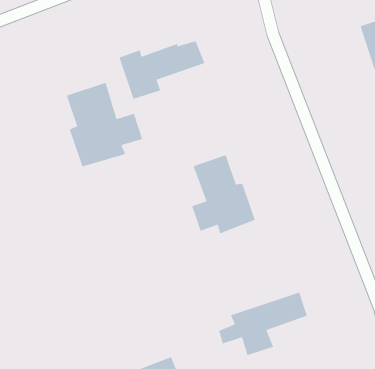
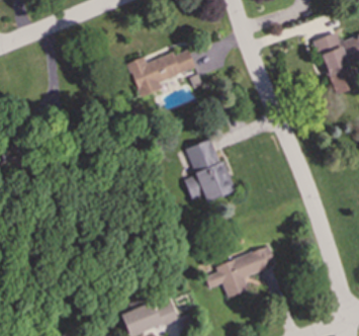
building: [66,82,143,168] -> none

